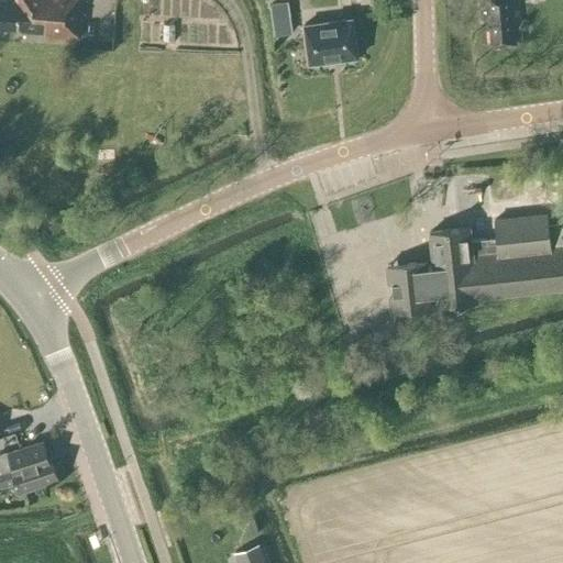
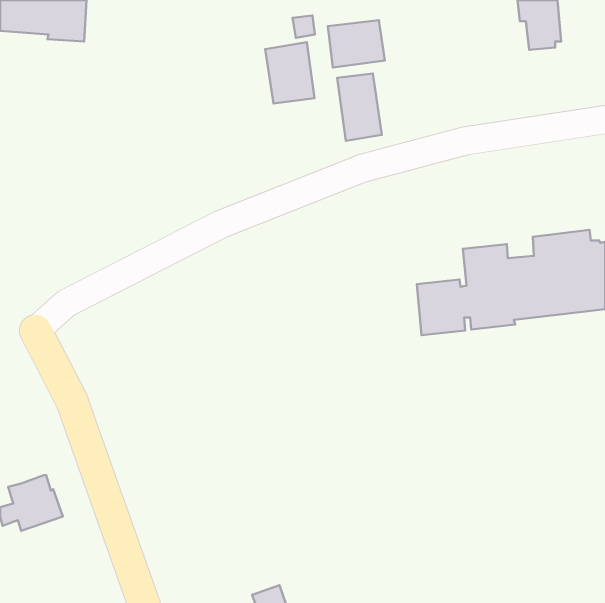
building: none -> [265,42,315,103]
building: none -> [337,74,382,141]

